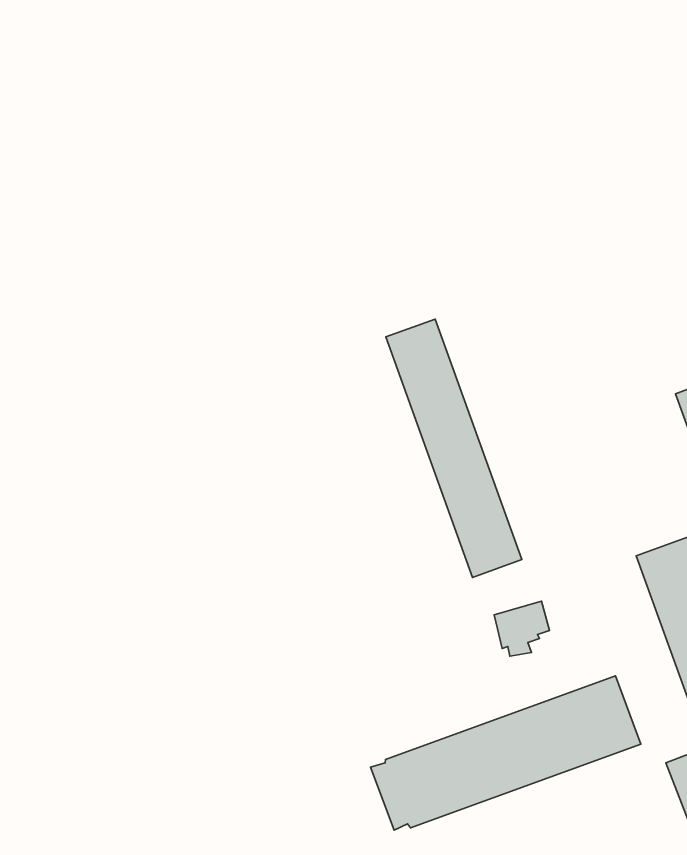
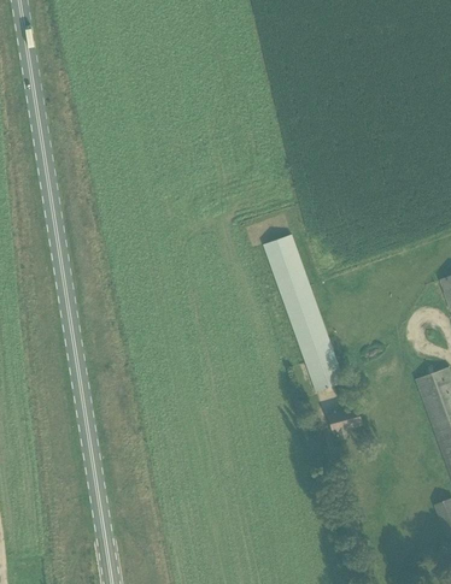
building: [370,676,641,830] -> none

